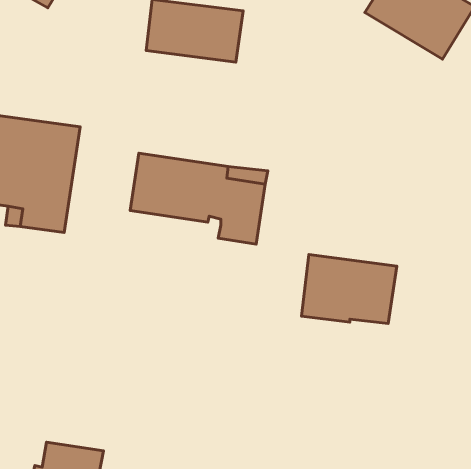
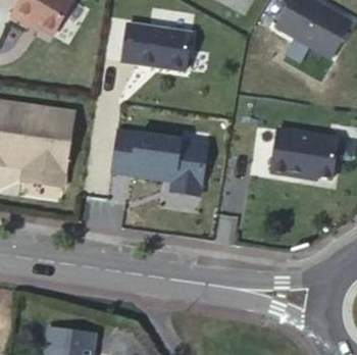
building: [302,255,397,323] -> [273,128,340,175]

